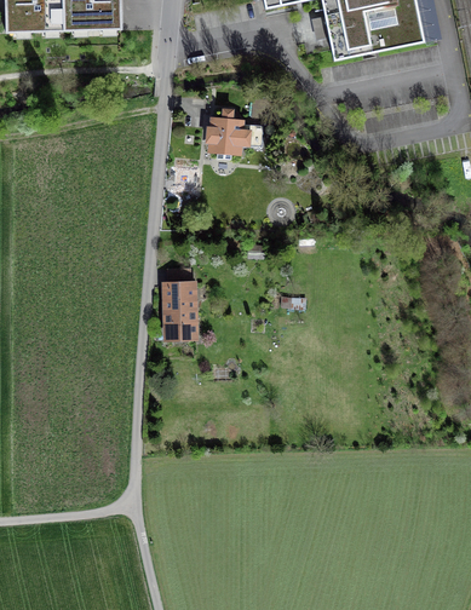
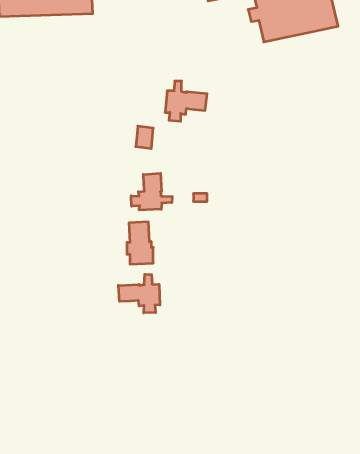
building: none -> [131,173,172,210]
building: none -> [118,274,160,313]

